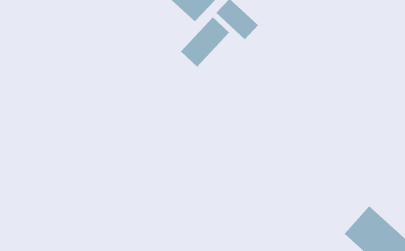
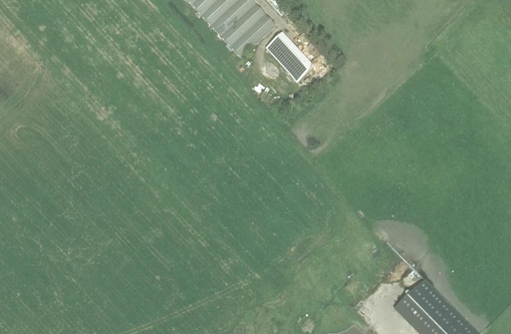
building: [180,16,230,67] -> none

